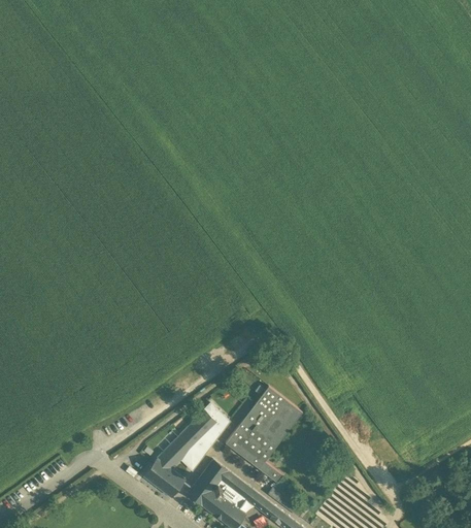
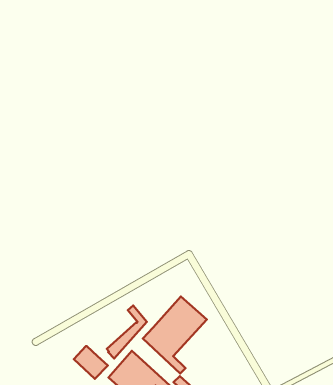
building: [157,410,216,470] -> none

